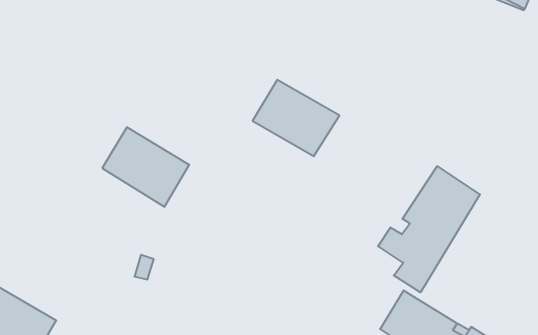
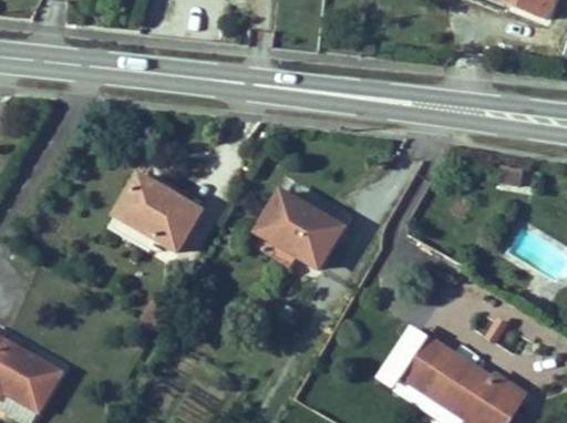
building: [253,80,339,156] -> [250,184,340,262]
building: [378,166,480,292] -> none

